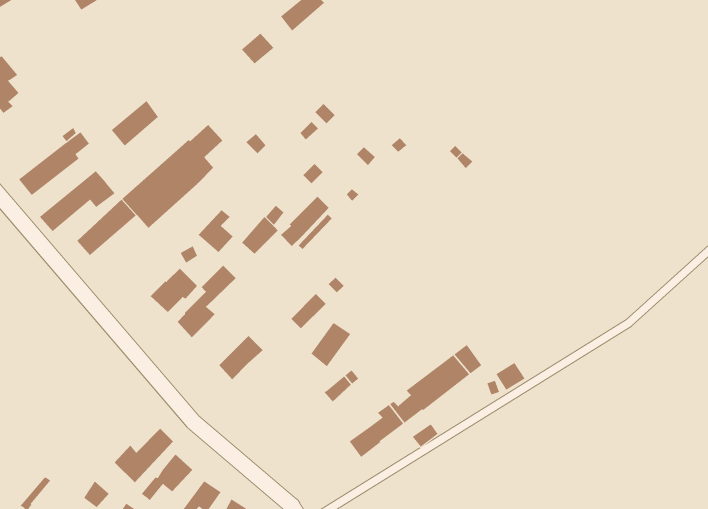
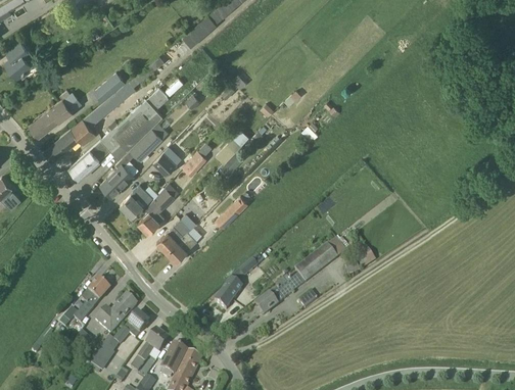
building: none -> [83,81,136,127]
building: none -> [100,128,162,196]
building: none -> [156,218,190,251]
building: [311,322,351,367] -> [215,279,242,309]
building: none -> [59,278,110,327]

